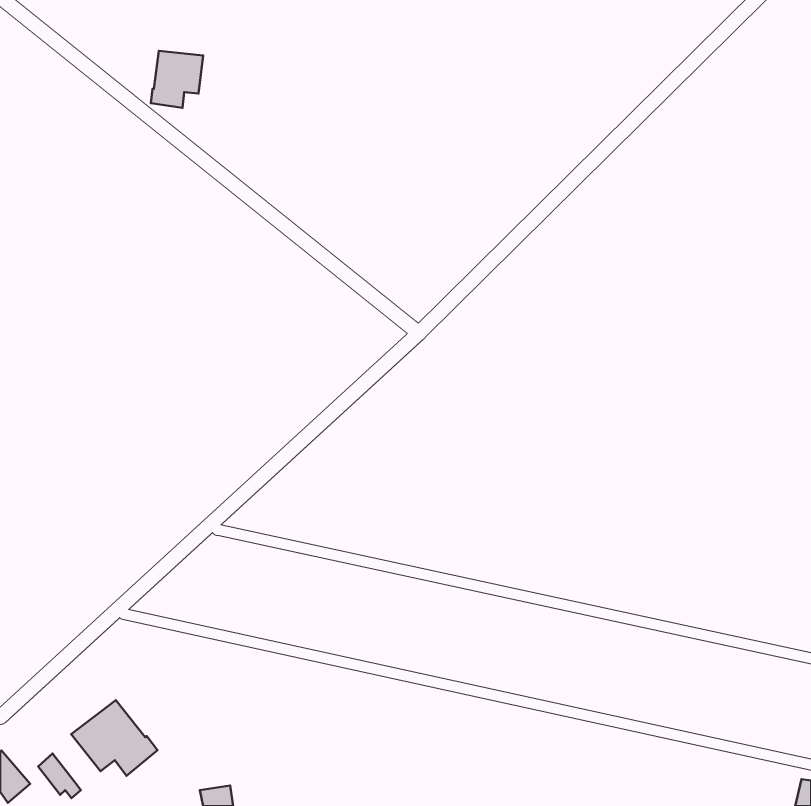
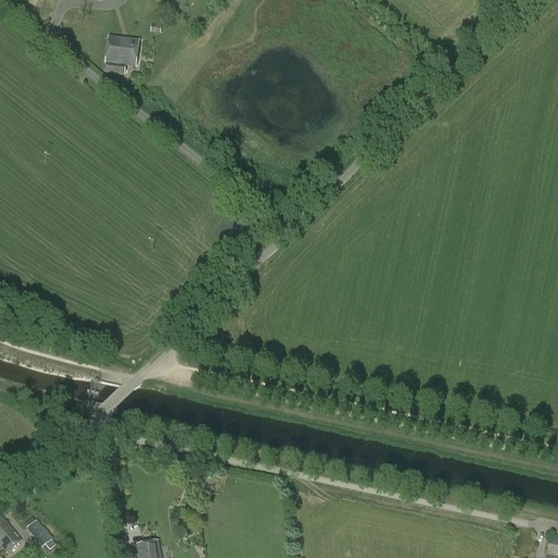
building: [71,700,157,776] -> none

